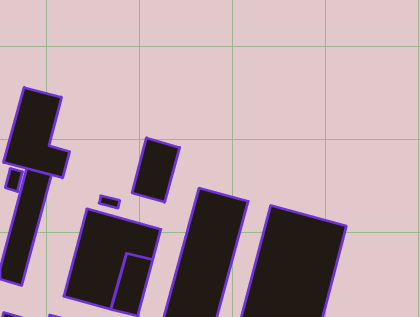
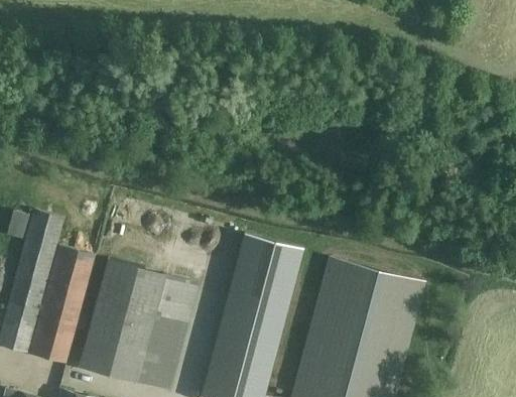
building: [4,87,70,178] -> none
building: [132,138,180,202] -> none
building: none -> [27,246,95,364]

